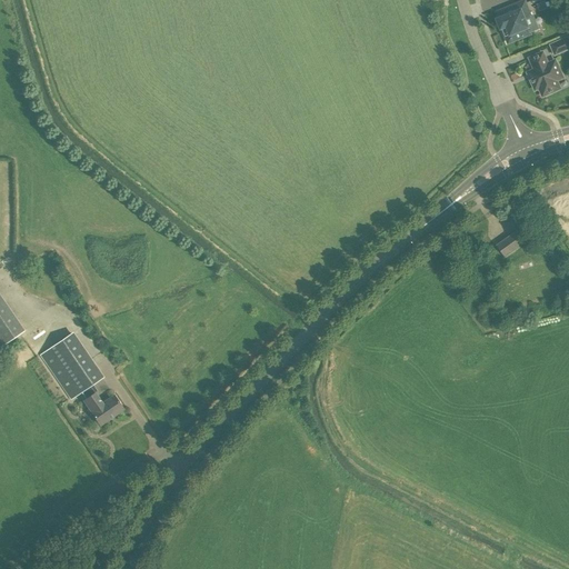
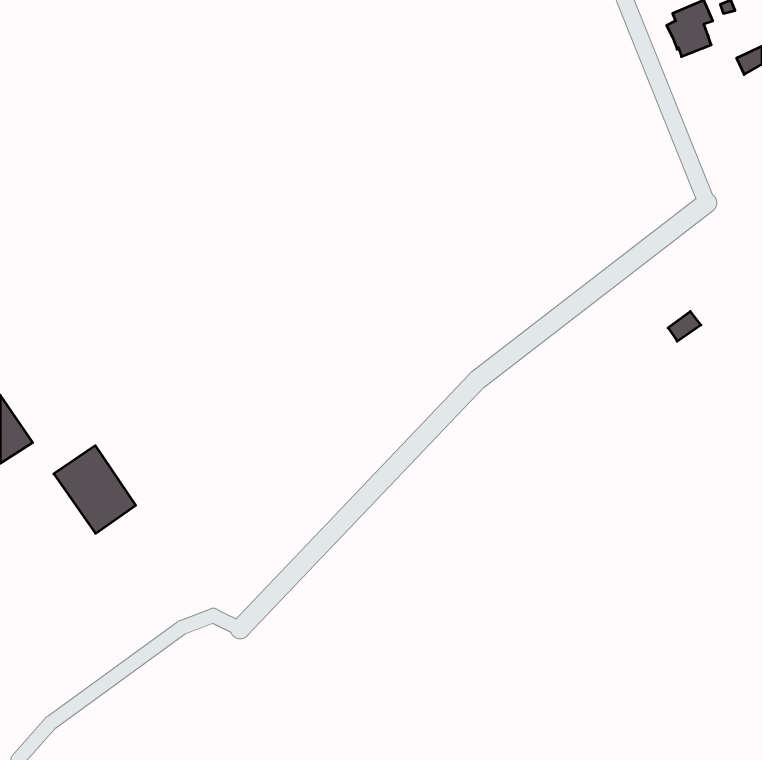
building: [528,52,562,94] -> none
building: [83,390,122,423] -> none

